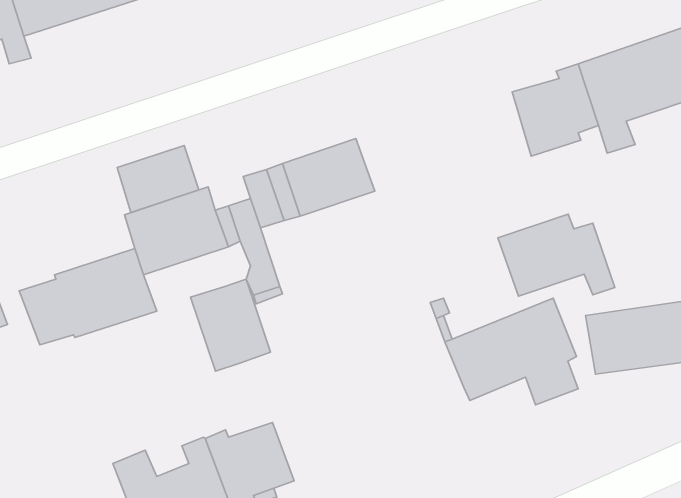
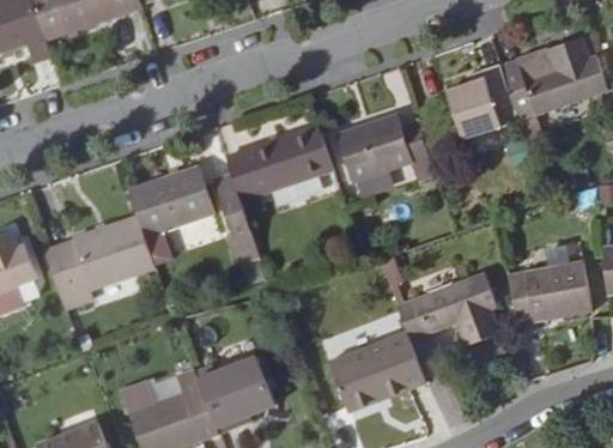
building: [117,146,199,213] -> none
building: [498,214,615,296] -> [339,115,435,182]
building: [190,279,270,371] -> none
building: none -> [329,329,427,410]

